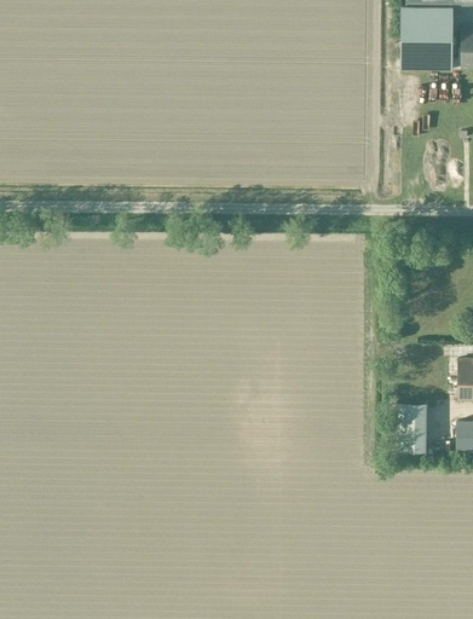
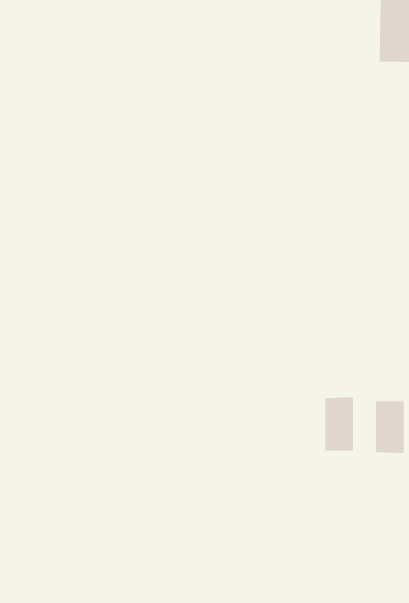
building: none -> [325,396,354,452]

